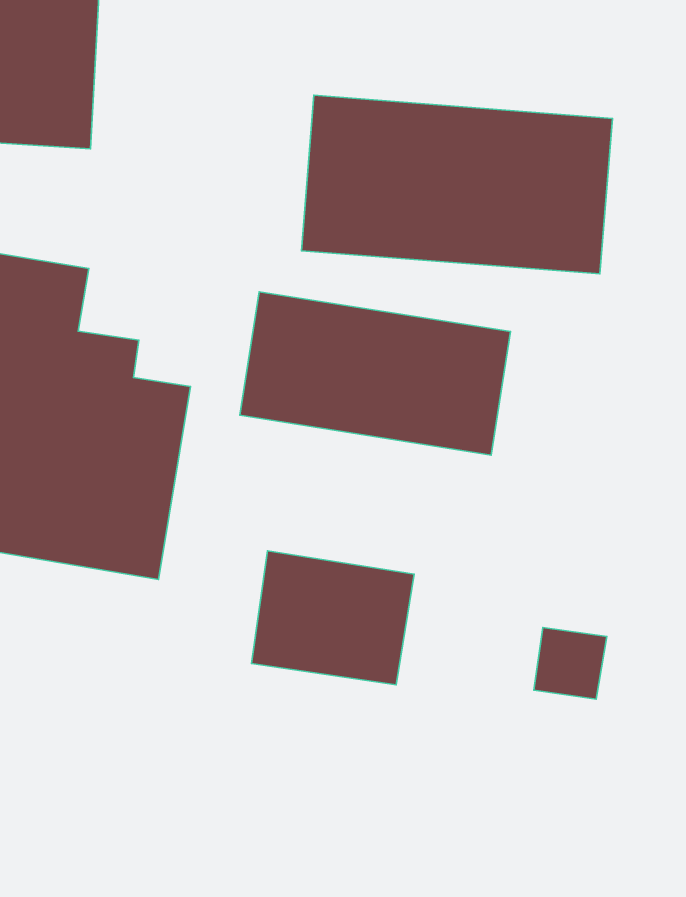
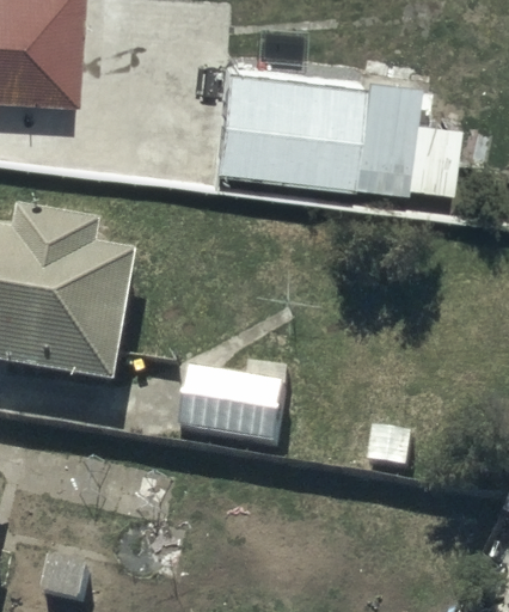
building: [240,292,511,455] -> none

